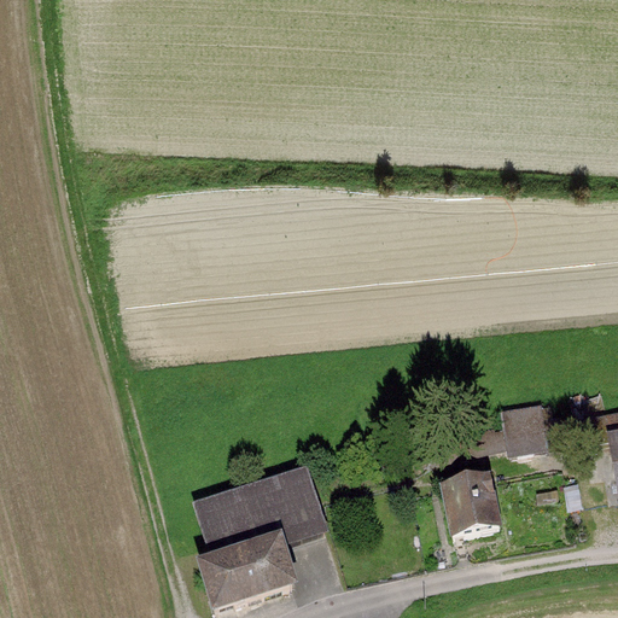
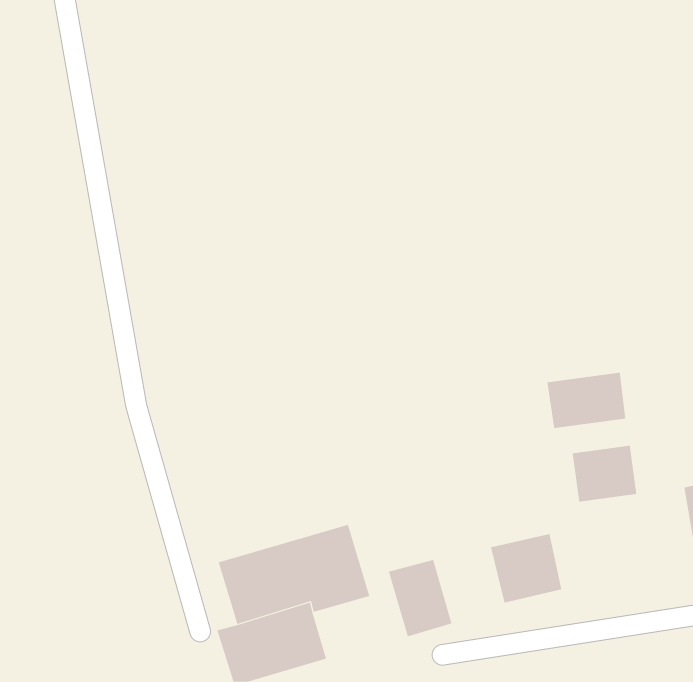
building: none -> [547,372,626,429]
building: none -> [388,559,452,637]

